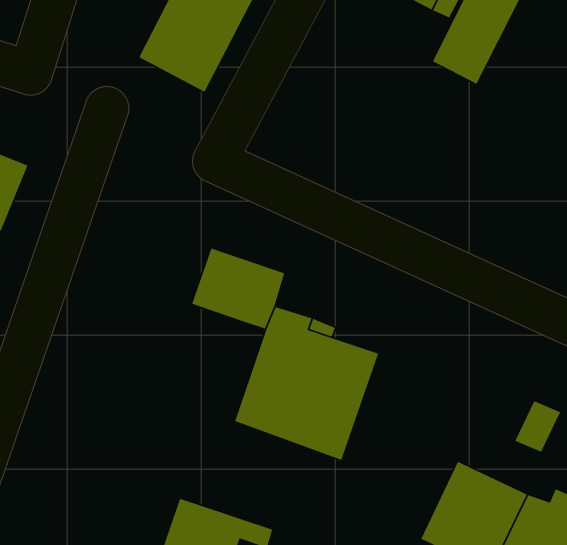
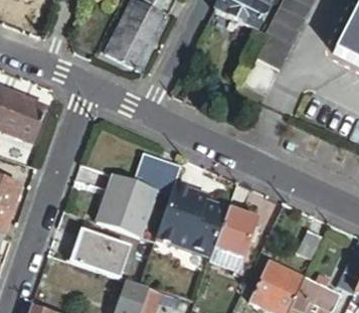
building: none -> [97,173,158,237]
building: none -> [209,205,257,271]
building: none -> [70,228,129,278]

